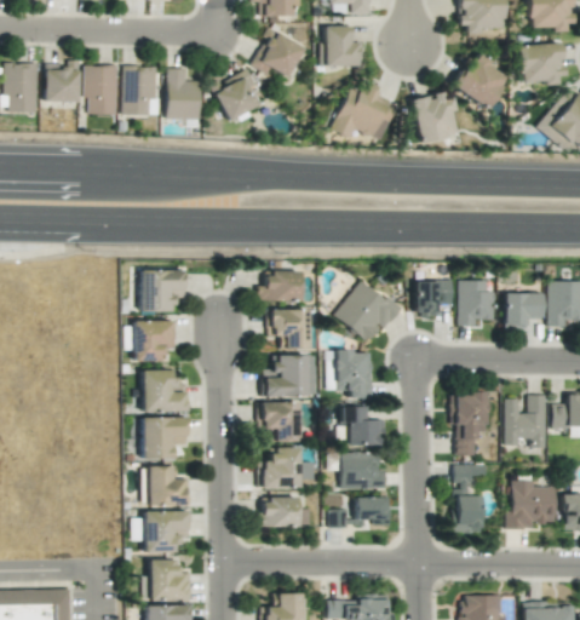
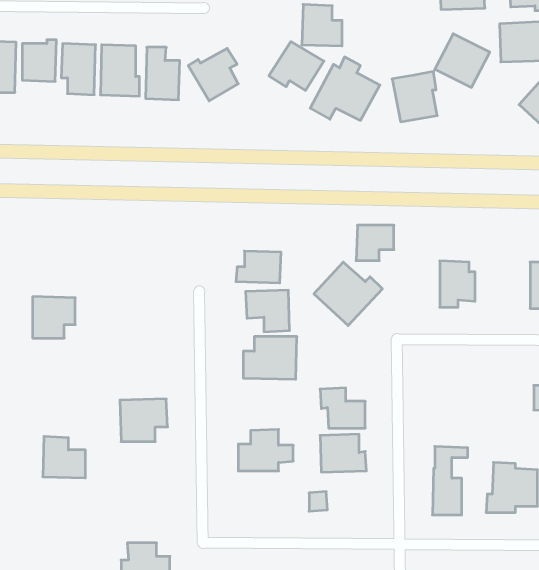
building: [251,29,305,78] -> [269,42,324,90]
building: [140,270,186,311] -> none
building: [415,280,453,315] -> [356,225,394,261]
building: [505,293,542,329] -> none
building: [133,320,176,361] -> [33,297,75,338]
building: [335,351,373,398] -> none
building: [142,369,188,412] -> none
building: [450,394,487,455] -> none
building: [505,395,547,448] -> none
building: [257,401,299,442] -> none
building: [148,465,190,506] -> [43,436,85,478]
building: [260,496,310,527] -> none
building: [356,496,390,526] -> none
building: [143,511,190,552] -> none

